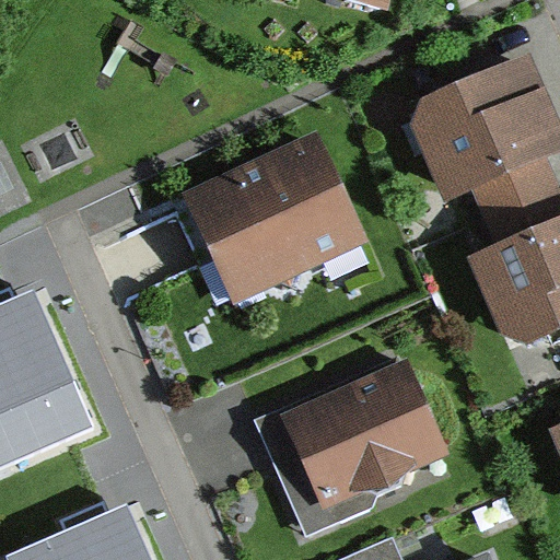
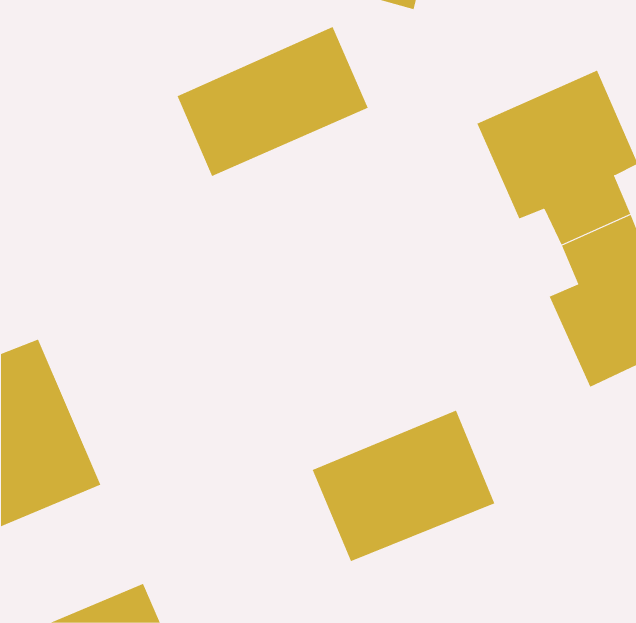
building: none -> [177,26,369,177]
building: [182,143,362,306] -> none

